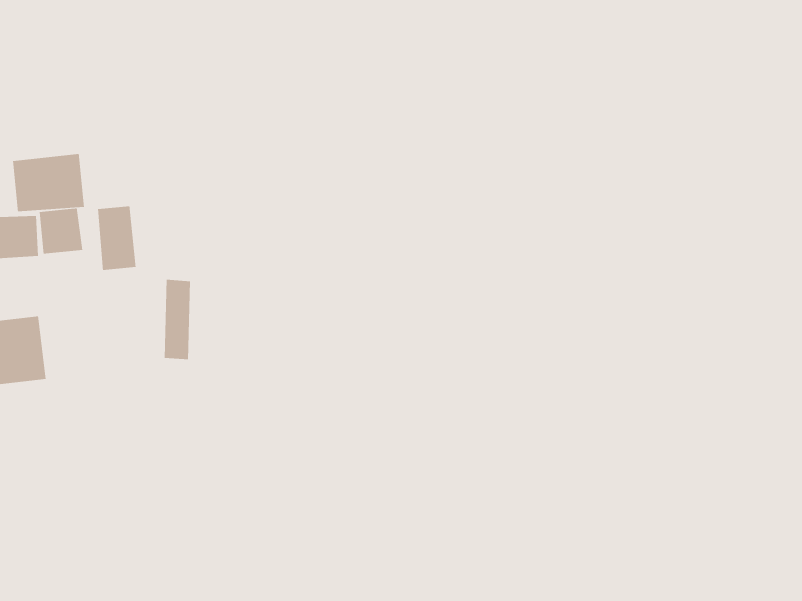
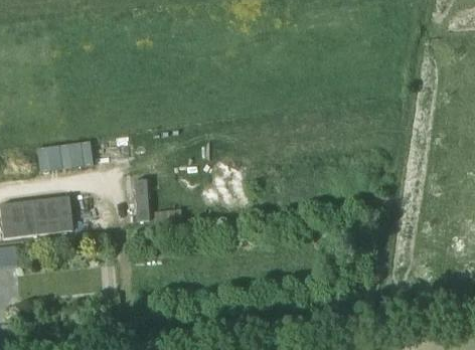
building: [13,153,84,212] -> none
building: [98,205,136,271] -> none

